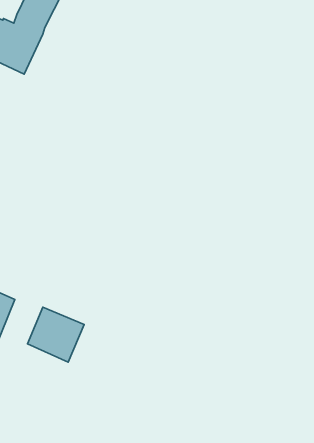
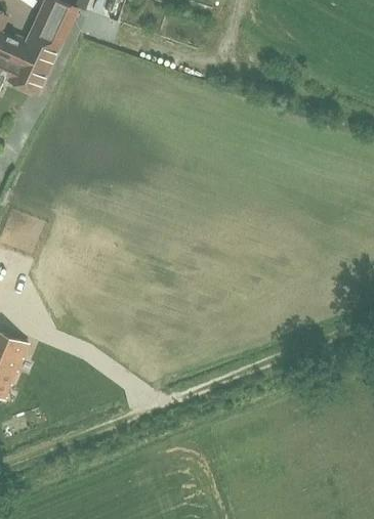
building: [28,307,84,362] -> none

